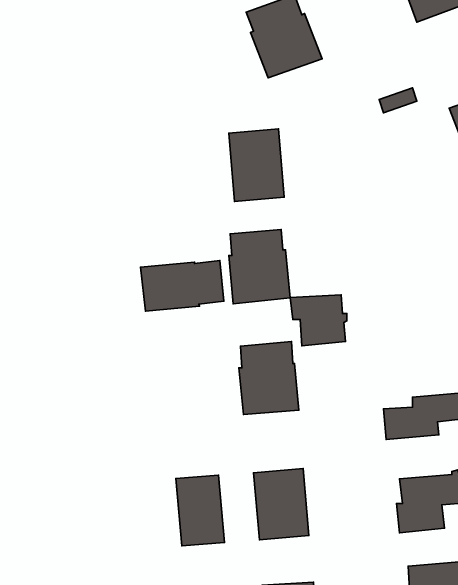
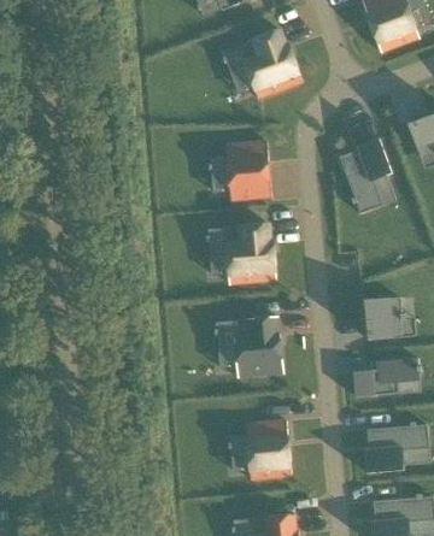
building: none -> [339,139,392,213]
building: [141,261,224,311] -> none
building: [290,295,347,346] -> [358,298,405,340]
building: [176,475,224,546] -> none

